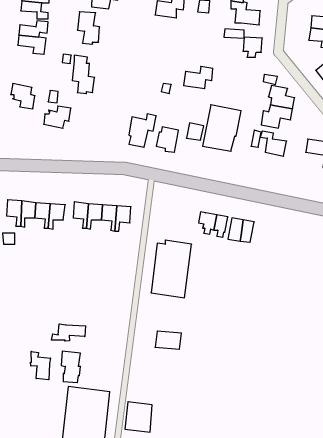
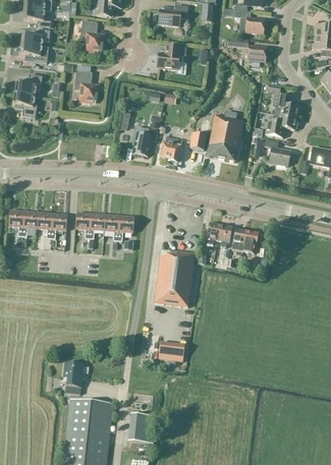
building: [184,66,213,89] -> [157,48,186,70]
building: [44,106,71,128] -> [15,74,43,97]
building: [52,324,86,341] -> none
building: [31,351,50,380] -> none

